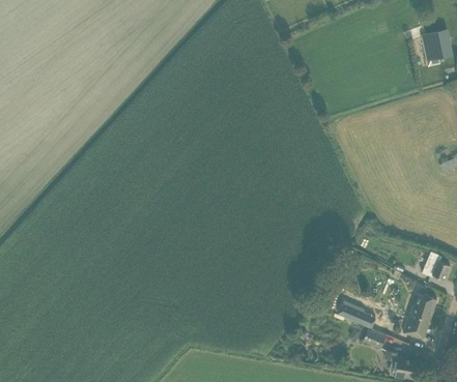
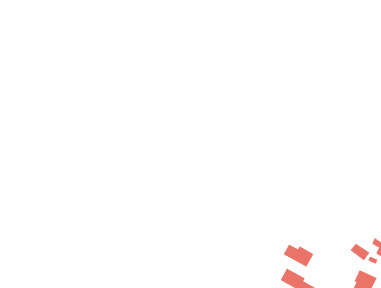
building: none -> [283,244,314,267]

